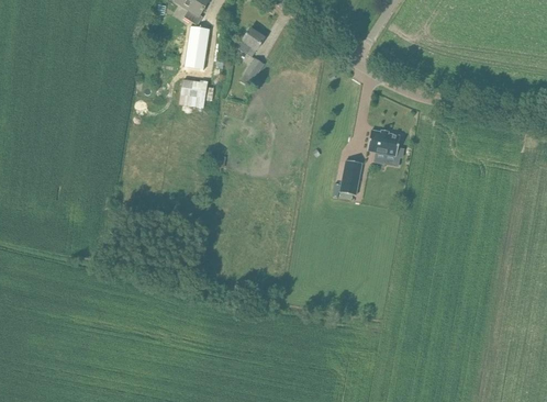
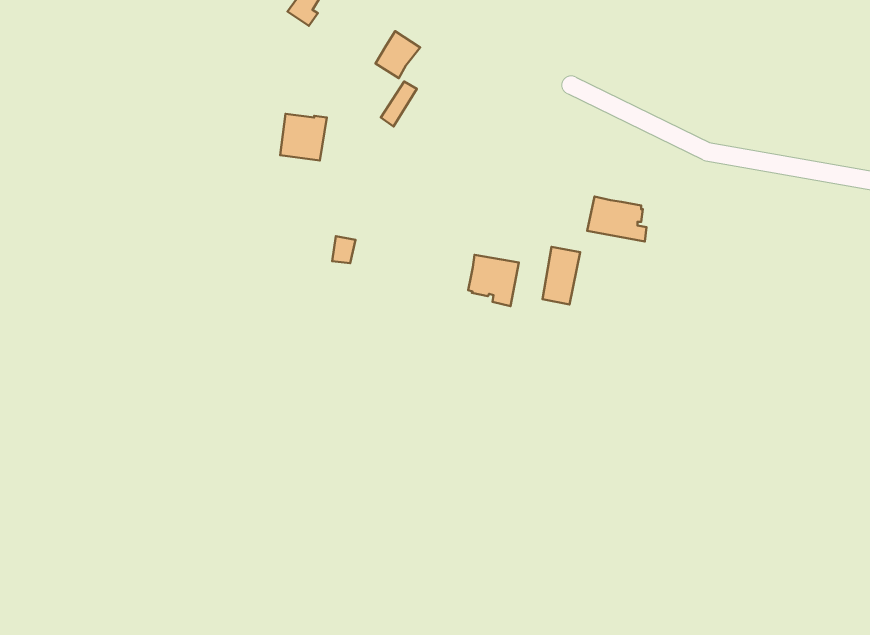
building: [183,25,210,69] -> none
building: none -> [468,255,519,306]

